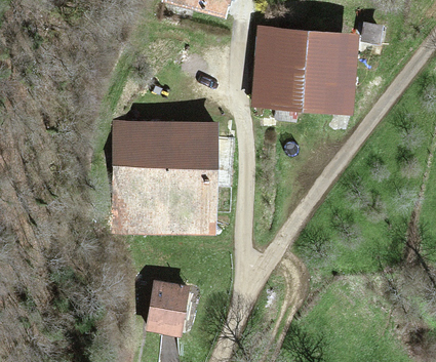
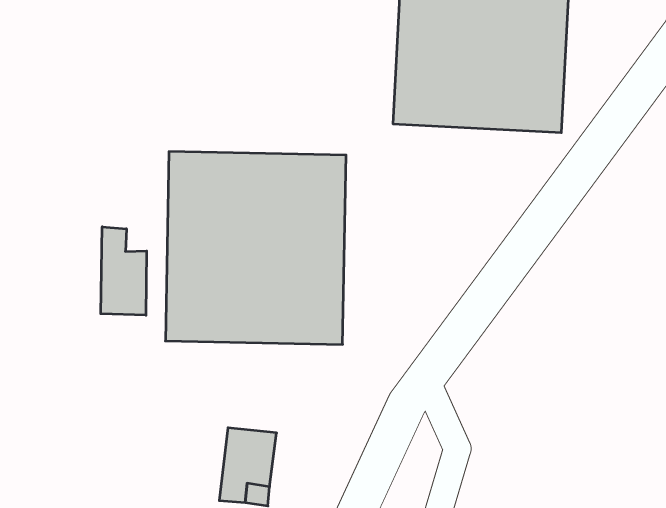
building: none -> [101,227,147,315]

